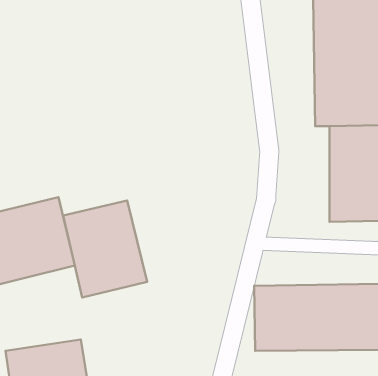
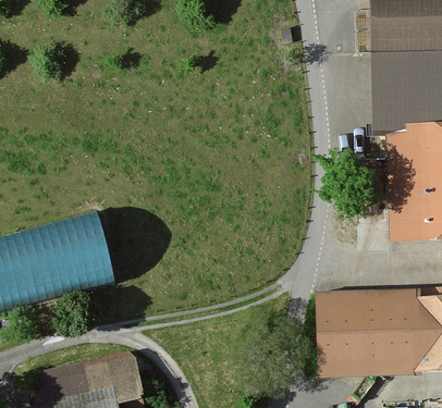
building: [63,200,147,297] -> none

